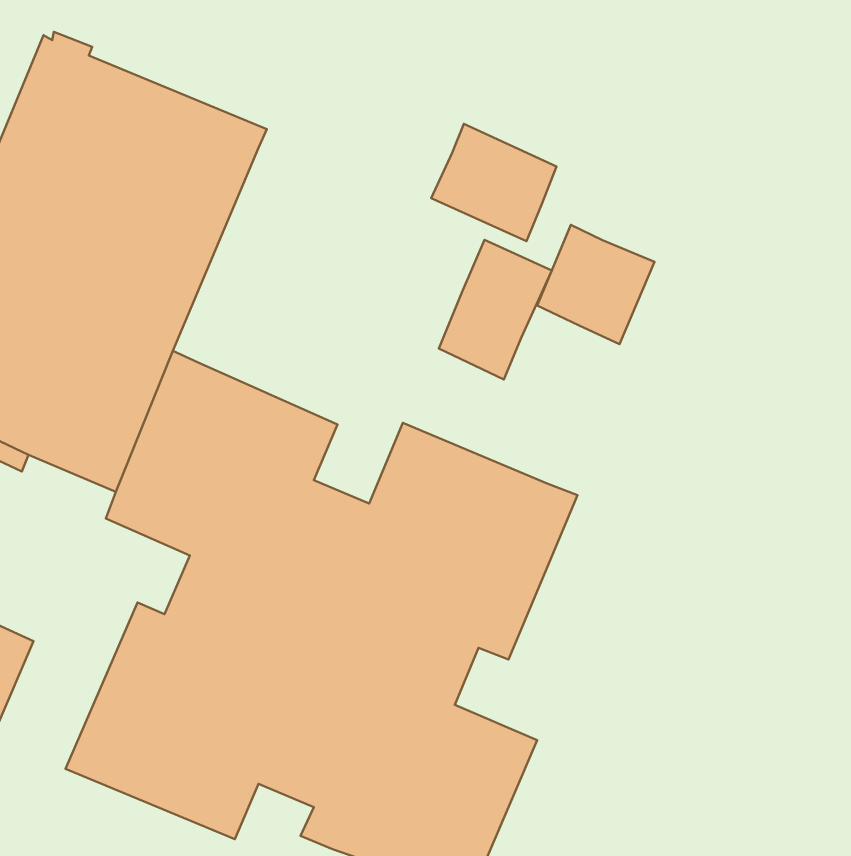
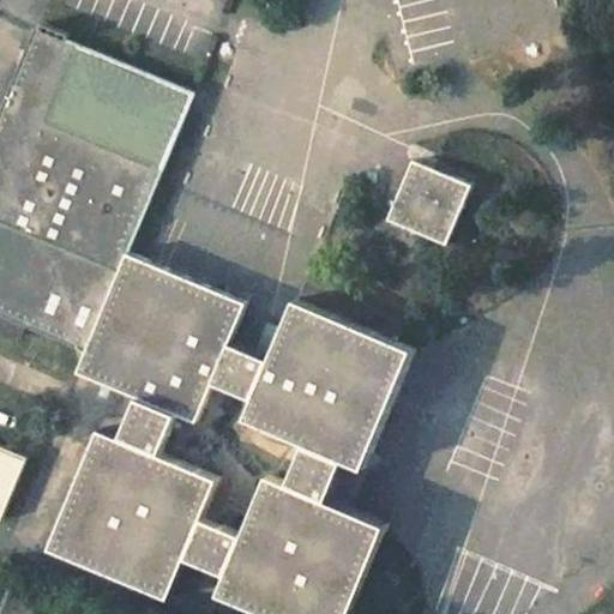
building: [431,124,556,241] -> none
building: [439,240,552,379] -> none

